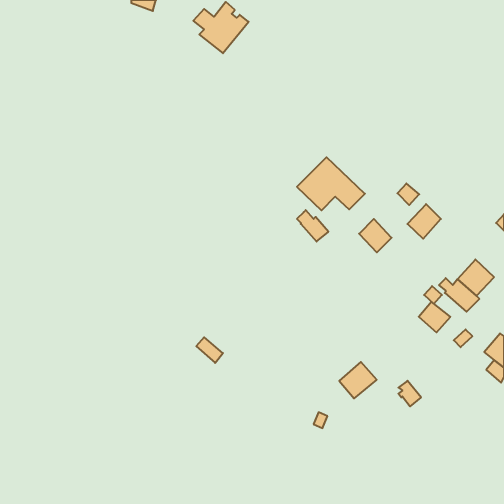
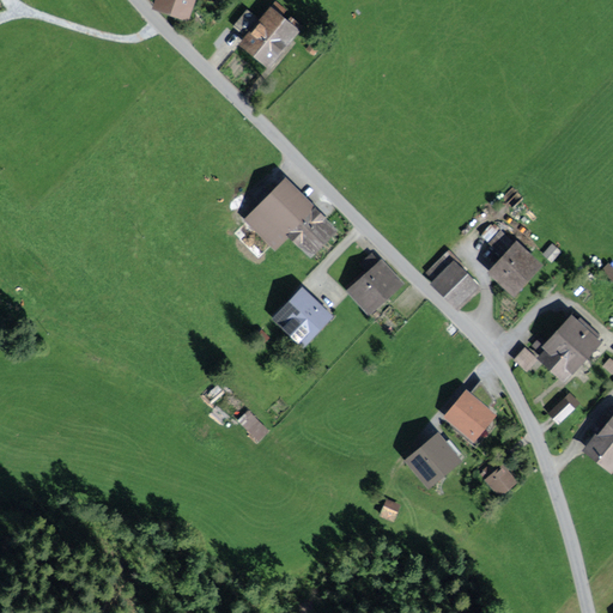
building: [297,157,365,210] -> [247,184,329,249]
building: none -> [350,272,384,310]
building: none -> [279,293,327,341]
building: [419,302,450,332] -> [451,397,490,435]

